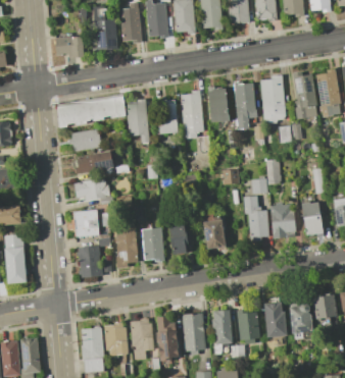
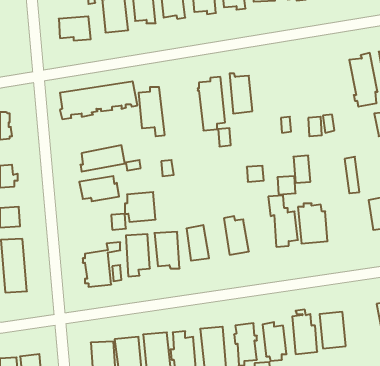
building: [293,71,317,119] -> none
building: [260,74,286,124] -> none
building: [233,80,256,129] -> none
building: [157,100,178,133] -> none
building: [66,128,101,151] -> none
building: [302,201,323,236] -> none
building: [71,210,99,236] -> [125,192,156,222]
building: [312,294,337,318] -> none

